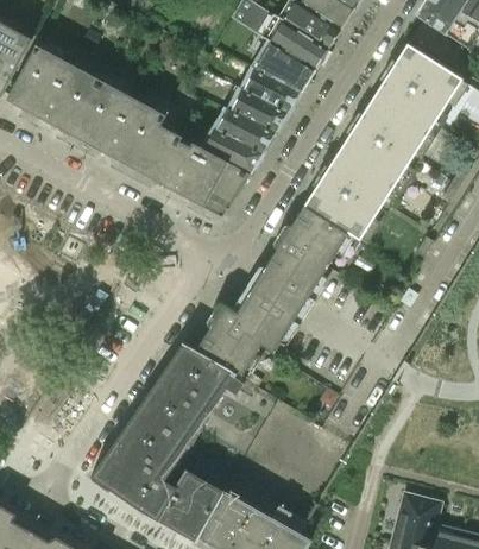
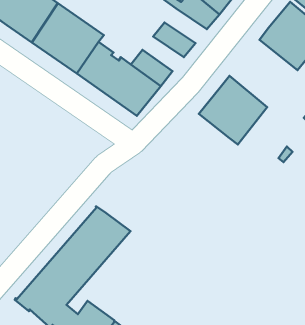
building: [244,70,301,113] -> none
building: [338,99,427,187] -> none
building: [219,111,275,153] -> none
building: [195,206,347,377] -> none

